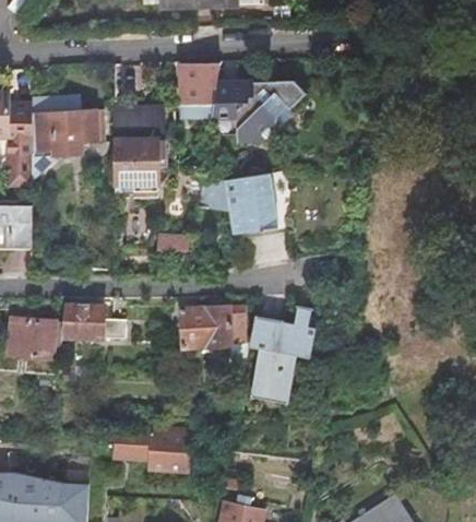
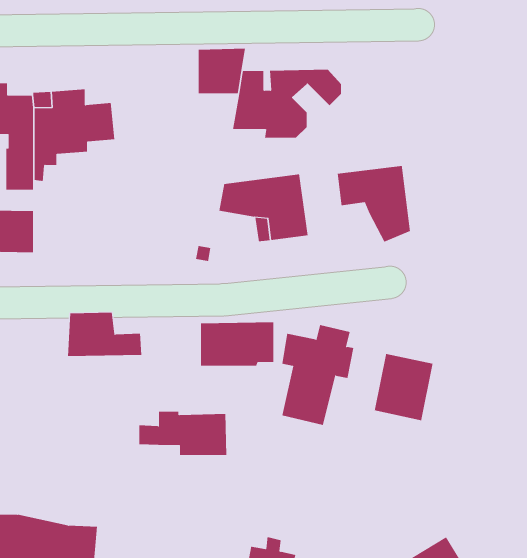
building: [116,108,156,185] -> none
building: none -> [337,165,411,242]
building: [10,319,56,359] -> none
building: none -> [374,353,433,421]
building: [115,429,193,468] -> [139,411,227,456]

